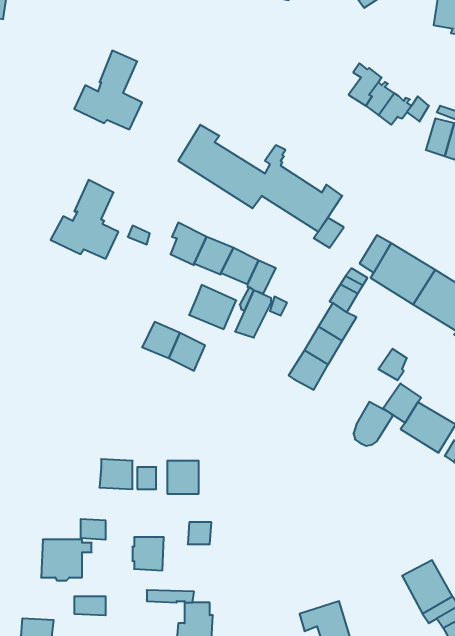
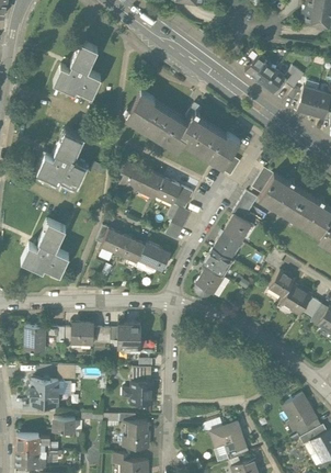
building: [189,285,236,329] -> [138,239,171,270]
building: none -> [21,219,69,274]
building: [353,402,393,446] -> [195,268,222,299]
building: none -> [24,326,58,351]
building: [132,537,164,570] -> [132,383,153,406]

